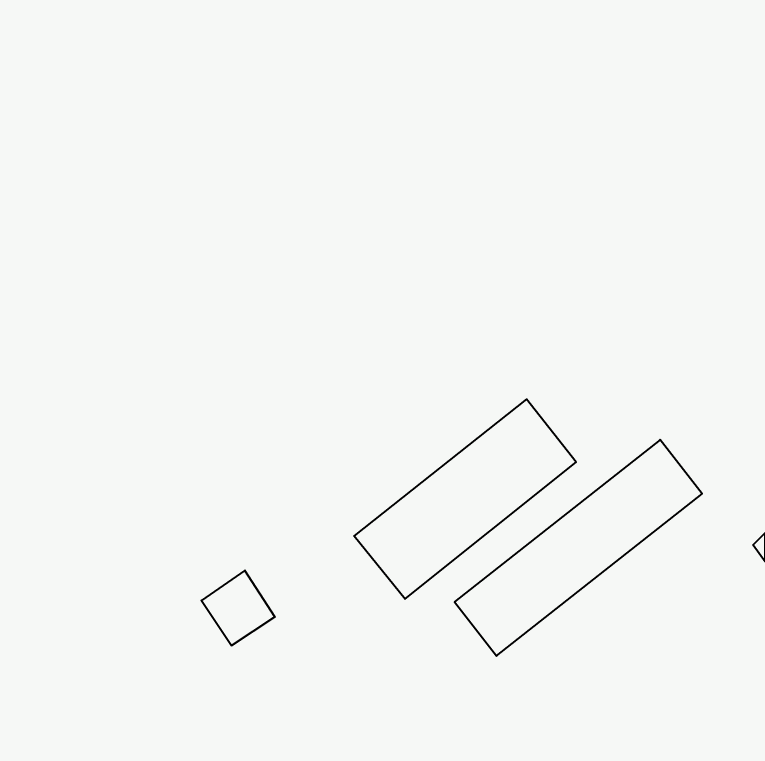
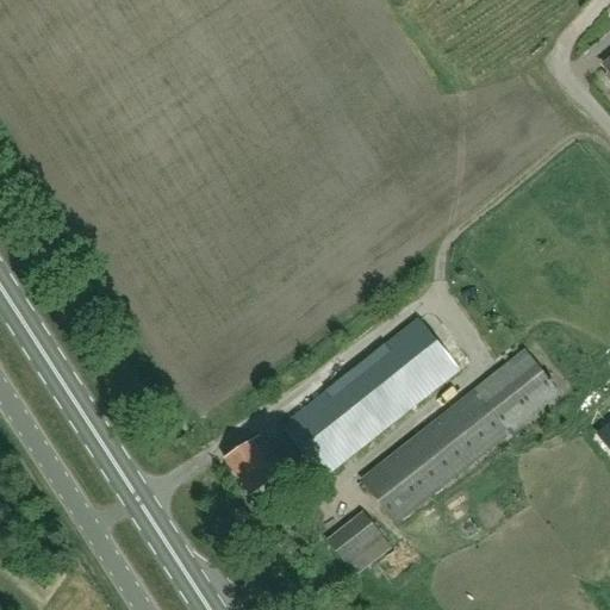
building: [201,570,275,645] -> [225,434,284,493]
building: none -> [326,510,388,572]

